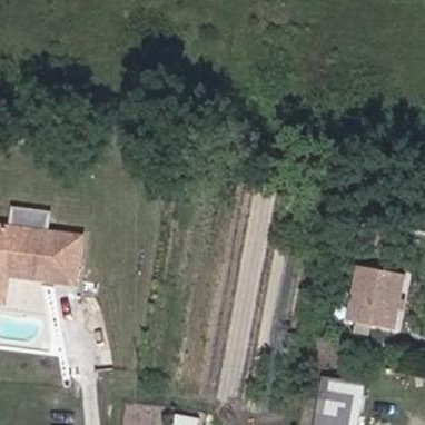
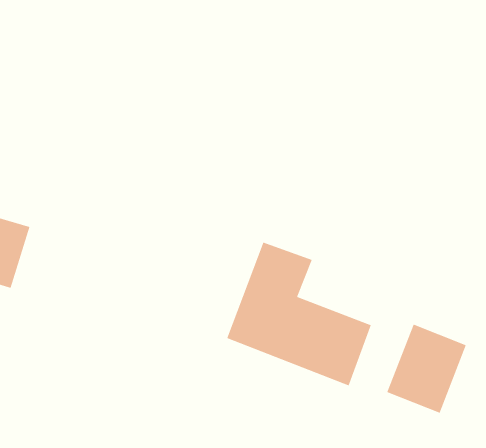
building: none -> [226,241,372,386]

